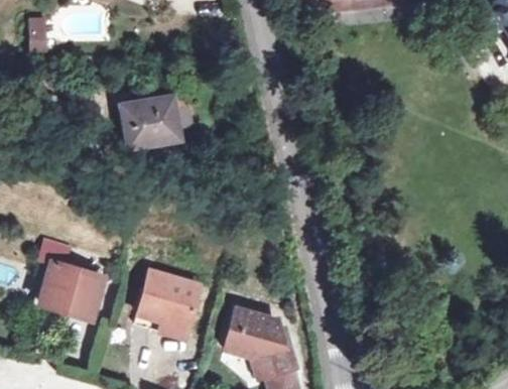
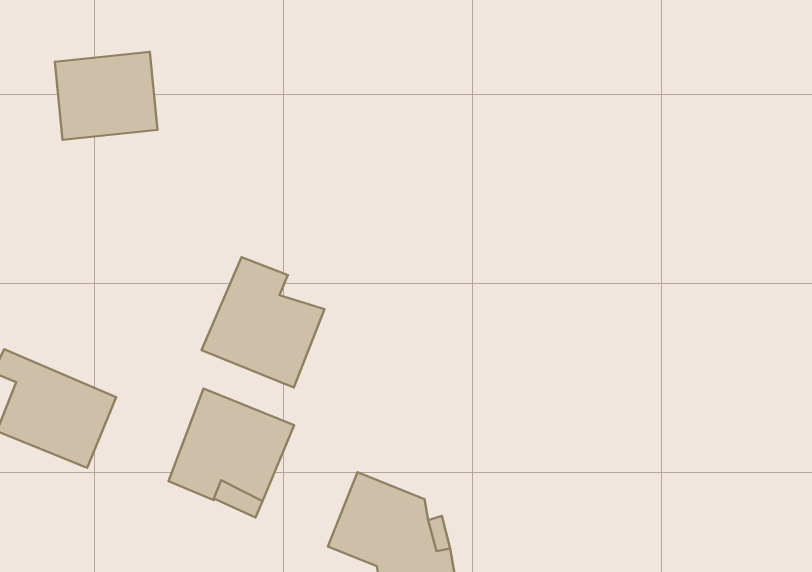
building: [121,95,179,146] -> [55,52,157,140]
building: none -> [201,257,325,388]

